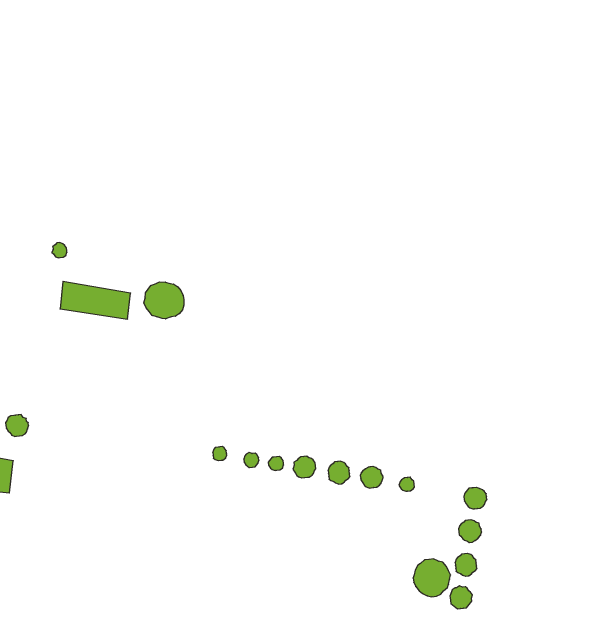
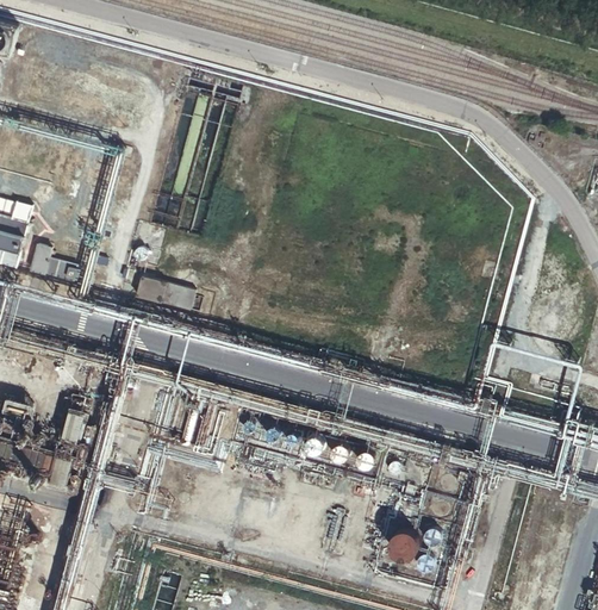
building: [144,282,184,319] -> none

